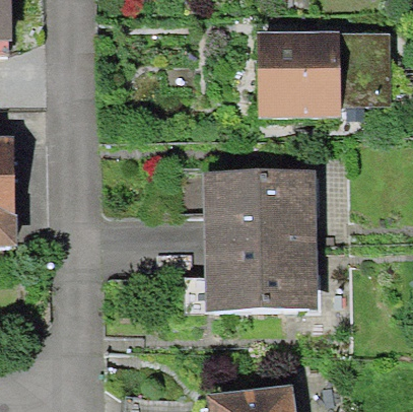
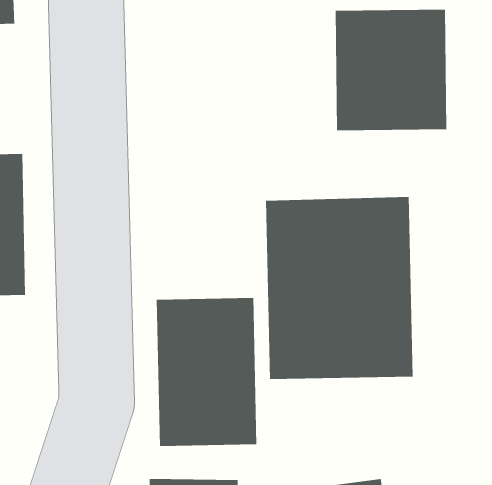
building: none -> [156,297,257,447]

